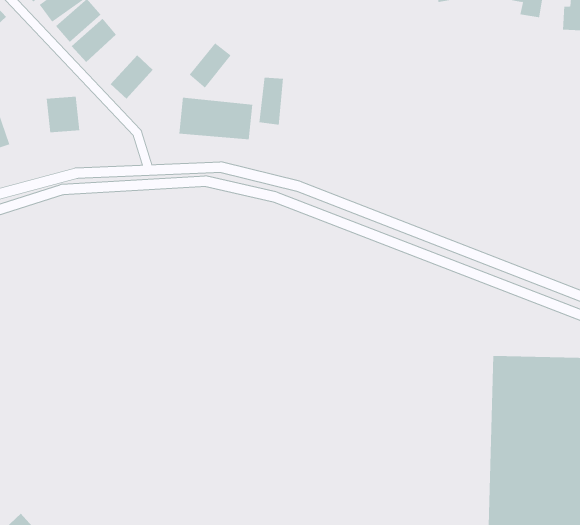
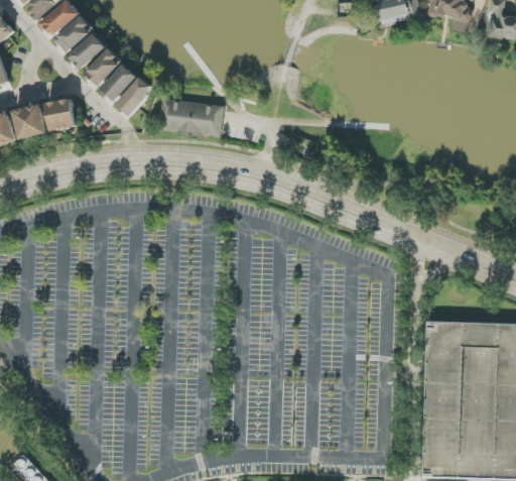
building: none -> [86,48,124,87]
building: [189,42,231,89] -> [118,77,154,116]
building: [259,77,284,125] -> none
building: none -> [13,104,48,139]

